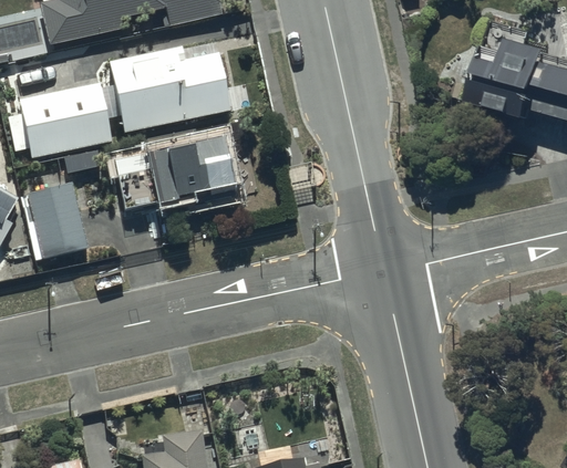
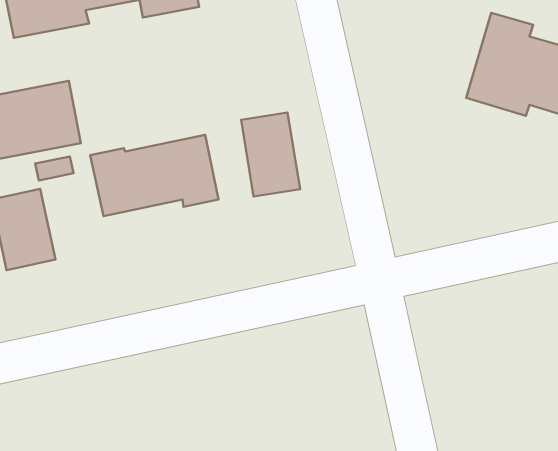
building: [106,46,234,134] -> none
building: none -> [241,112,300,197]

